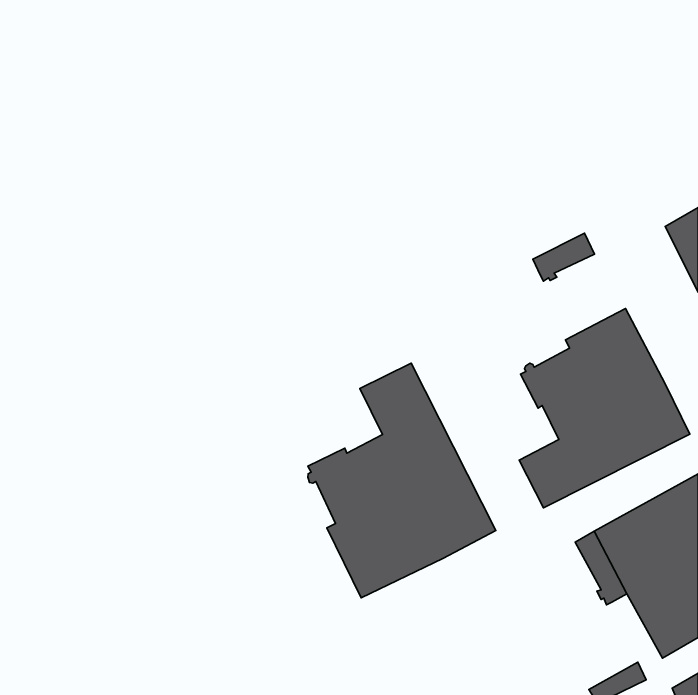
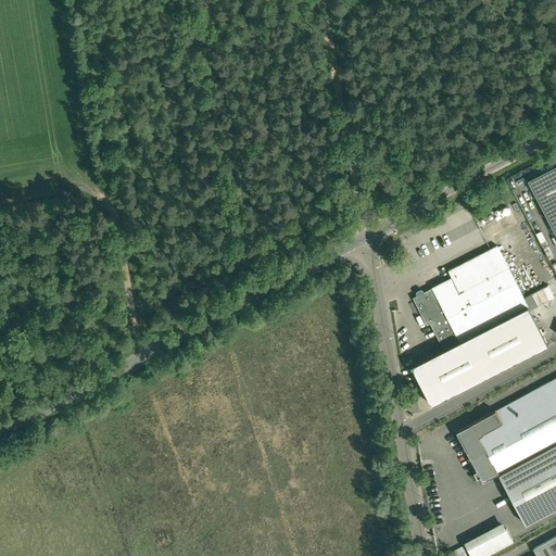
building: [533,233,594,281] -> none
building: [308,363,496,598] -> none

